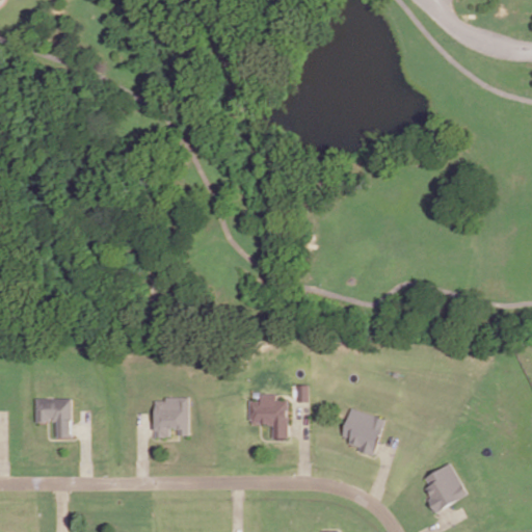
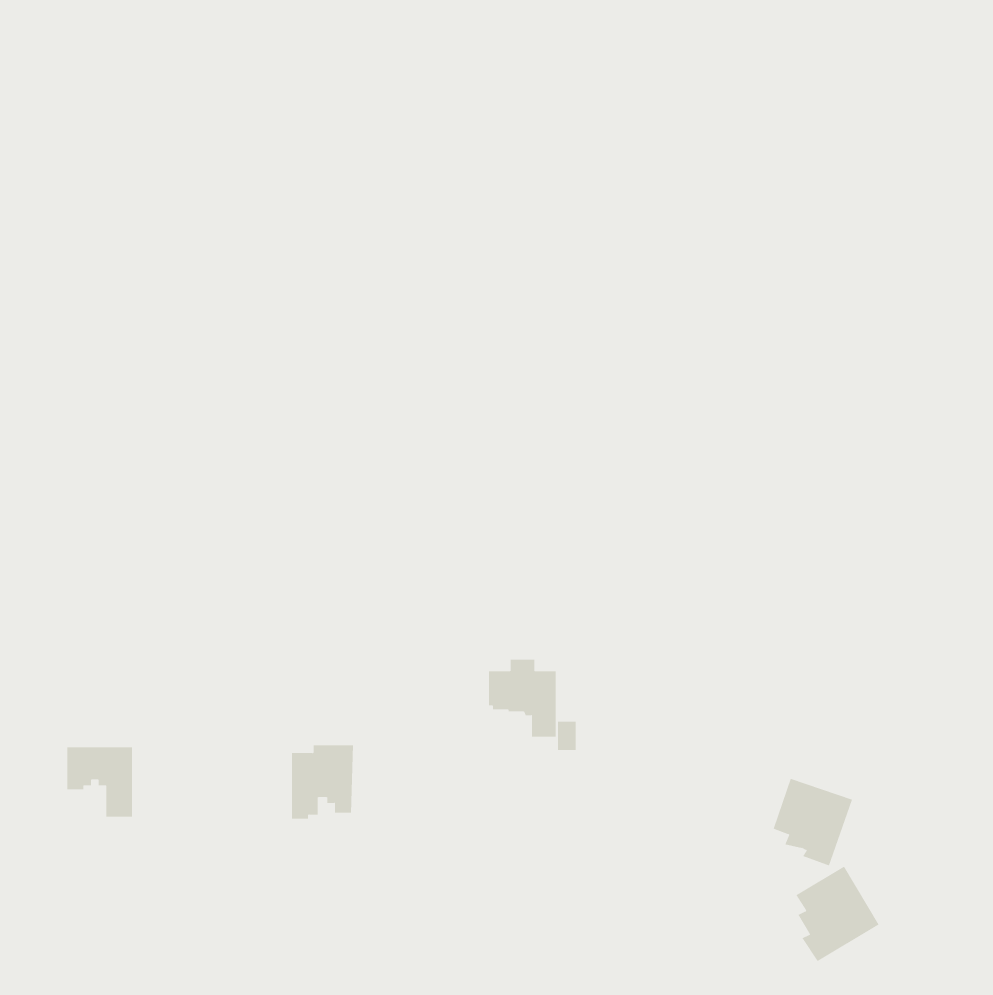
building: [248,395,285,436] -> [488,659,557,737]
building: [341,408,383,455] -> [773,778,853,866]

